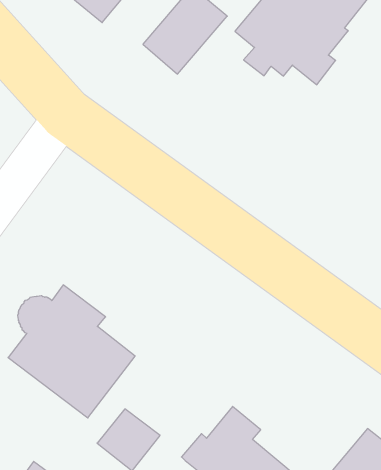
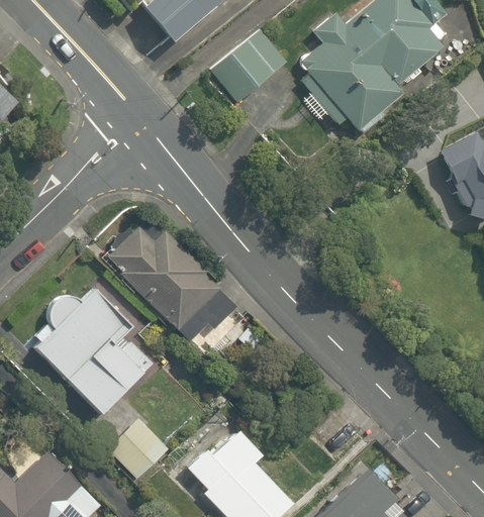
building: none -> [104,229,243,341]

